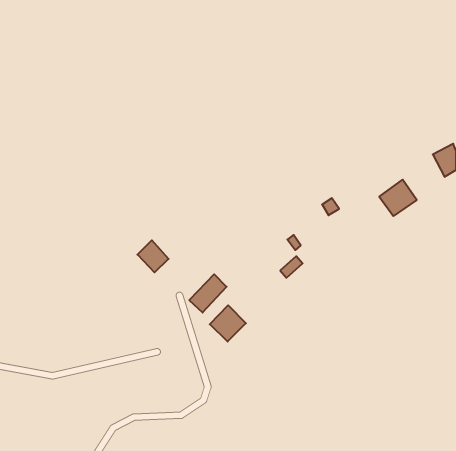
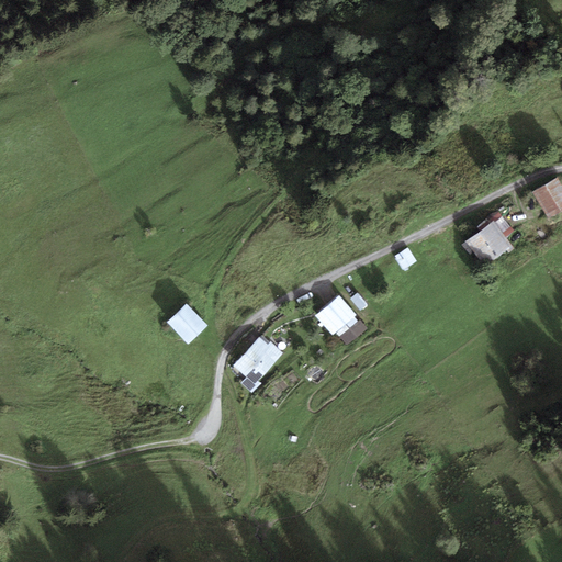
building: none -> [313,295,358,339]
building: [210,305,246,342] -> none

